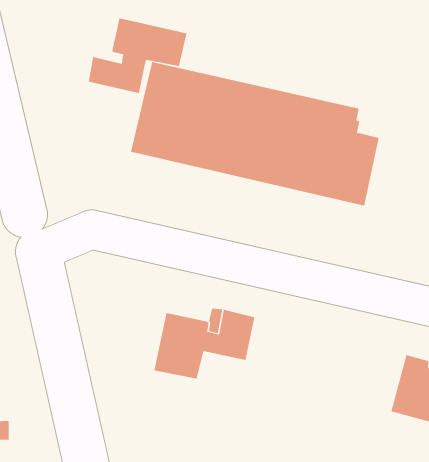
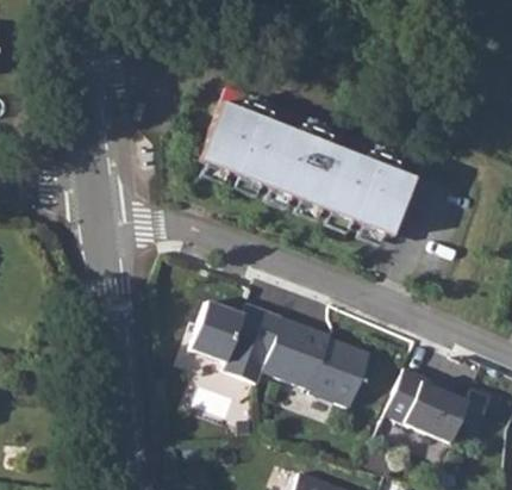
building: [88,17,187,94] -> none
building: none -> [263,317,371,408]

